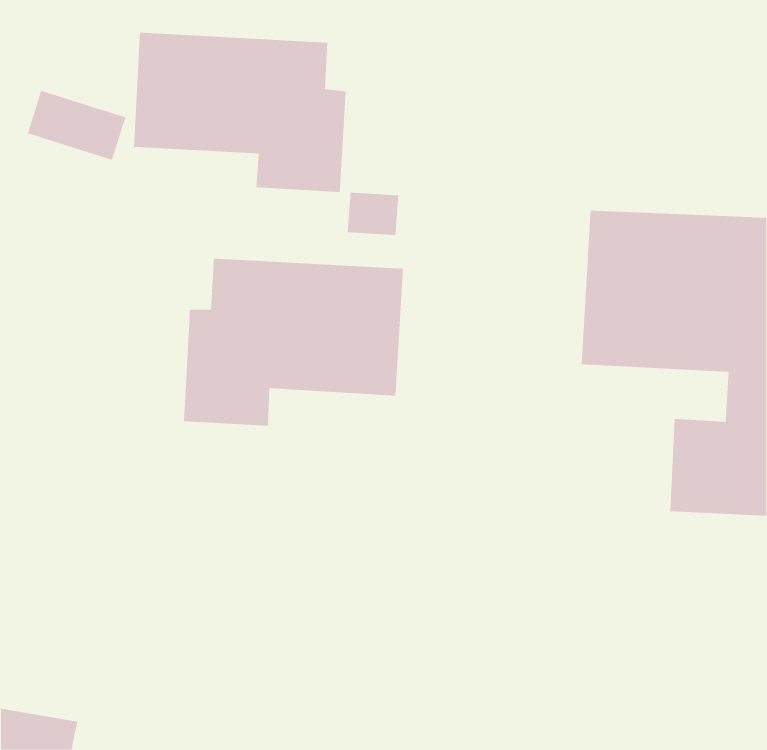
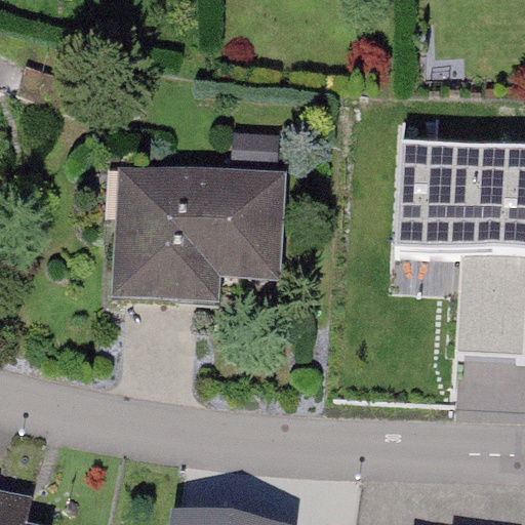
building: [134,32,346,193] -> none

